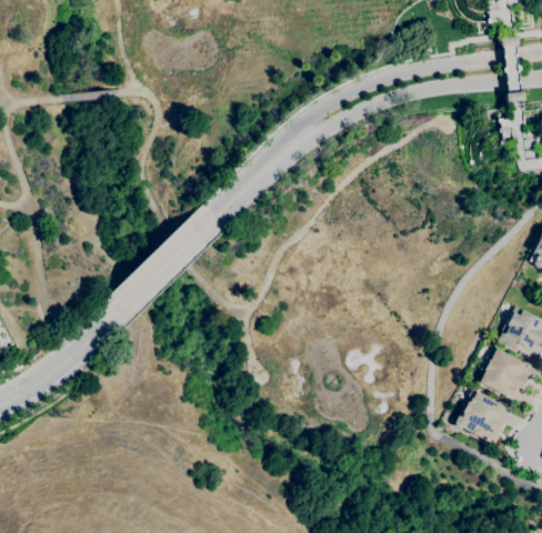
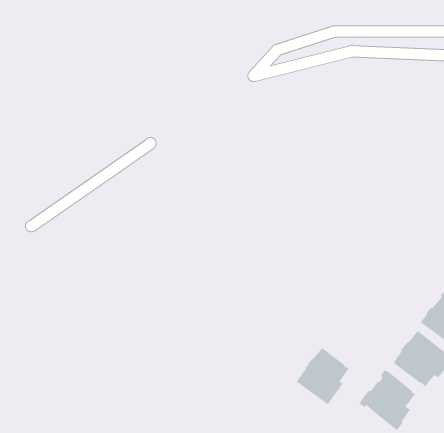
building: none -> [296,347,350,405]

